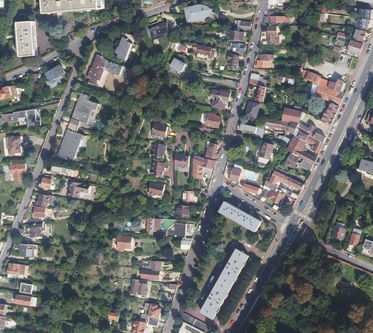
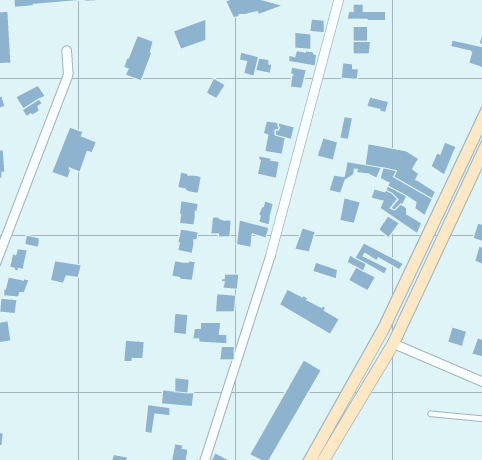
building: [86,54,109,87] -> none
building: [303,70,345,104] -> none
building: [56,123,83,160] -> none

